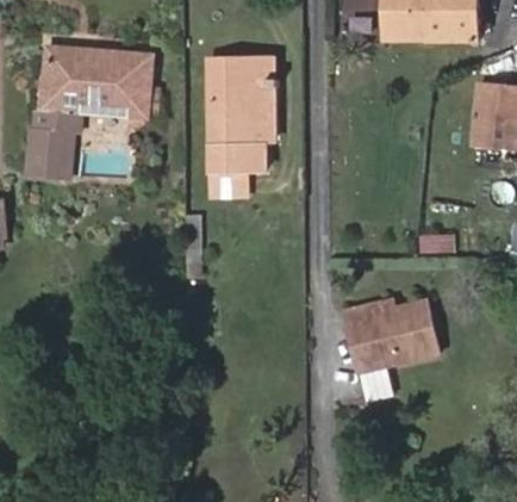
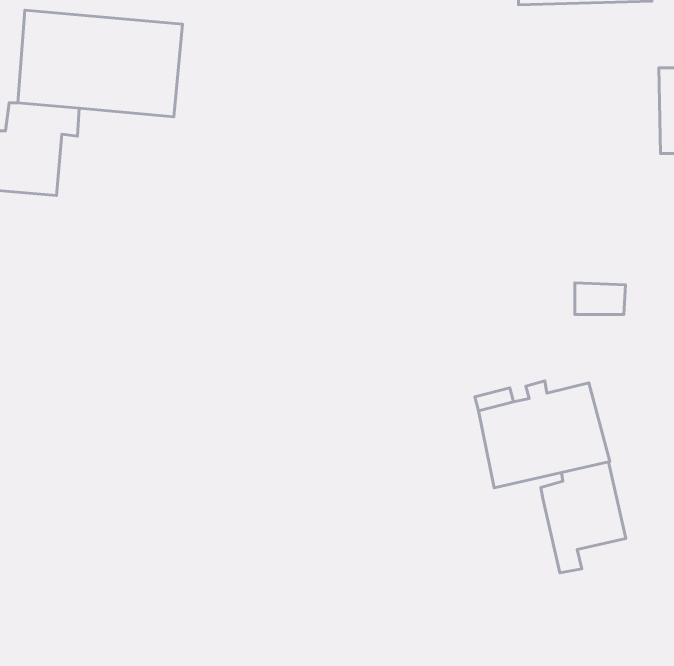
building: [207,58,275,171] -> none
building: none -> [541,462,626,573]

